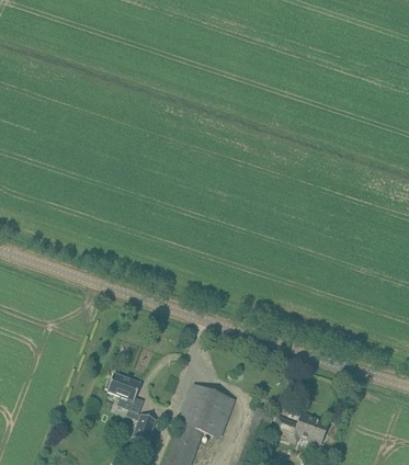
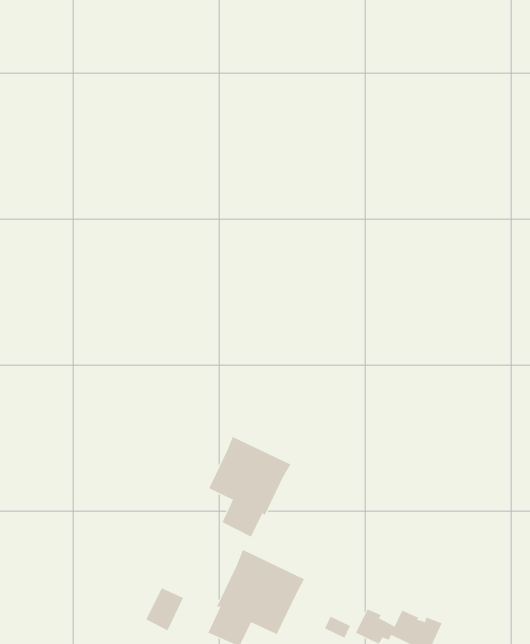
building: none -> [208,436,291,538]
building: [105,374,140,411] -> none

